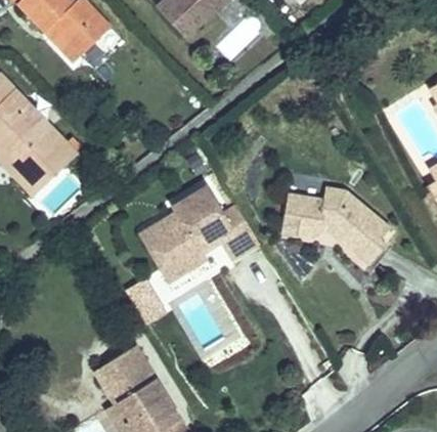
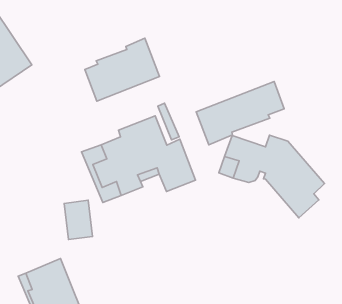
building: none -> [85,38,160,101]
building: none -> [196,81,284,145]

